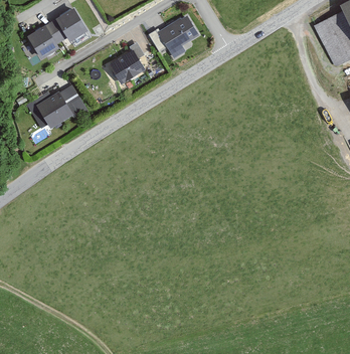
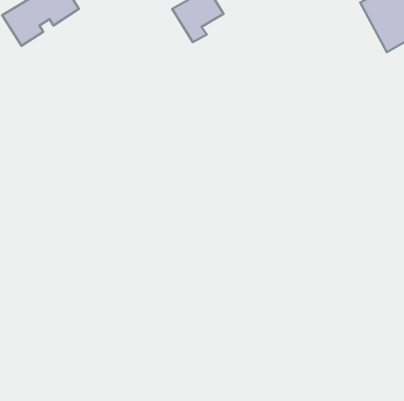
building: [113,49,149,83] -> none
building: [35,84,82,129] -> none

